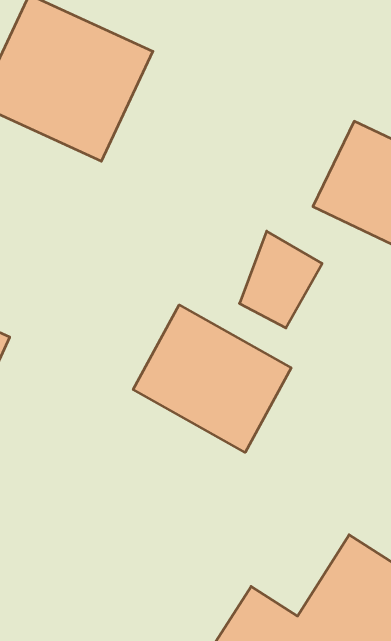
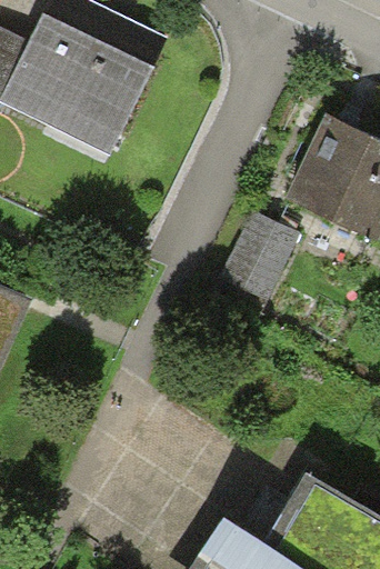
building: [133,305,291,452] -> none

